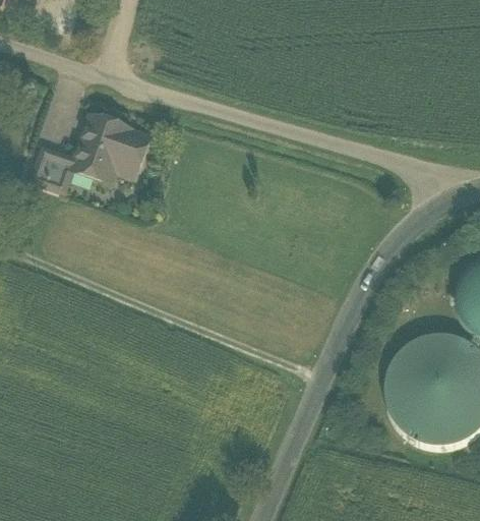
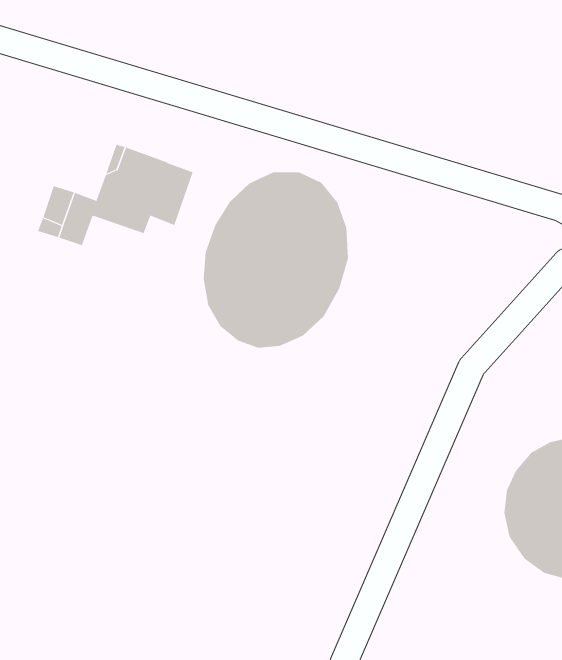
building: none -> [203,172,349,348]

